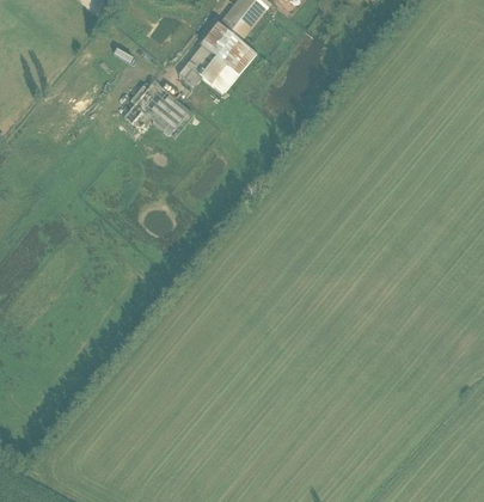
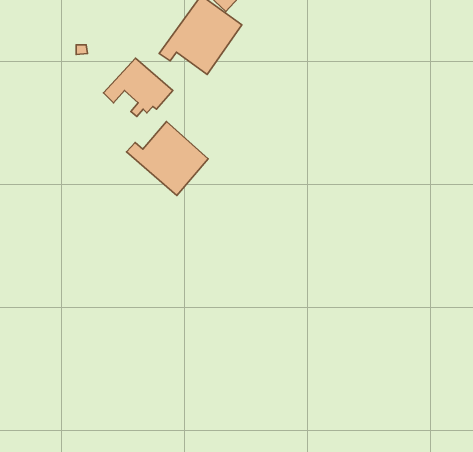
building: none -> [127,122,208,195]

